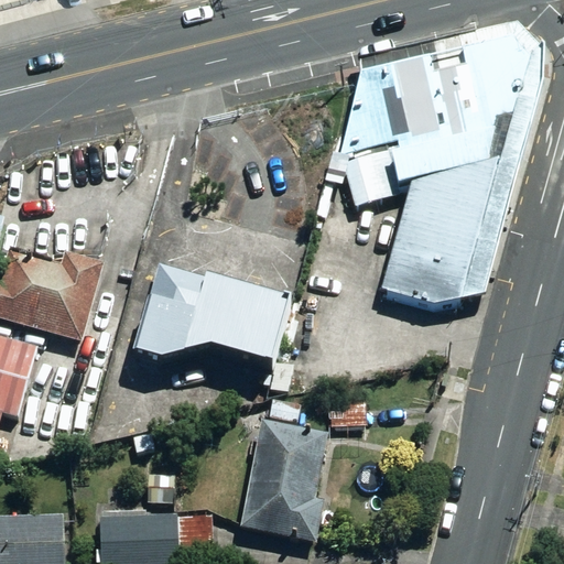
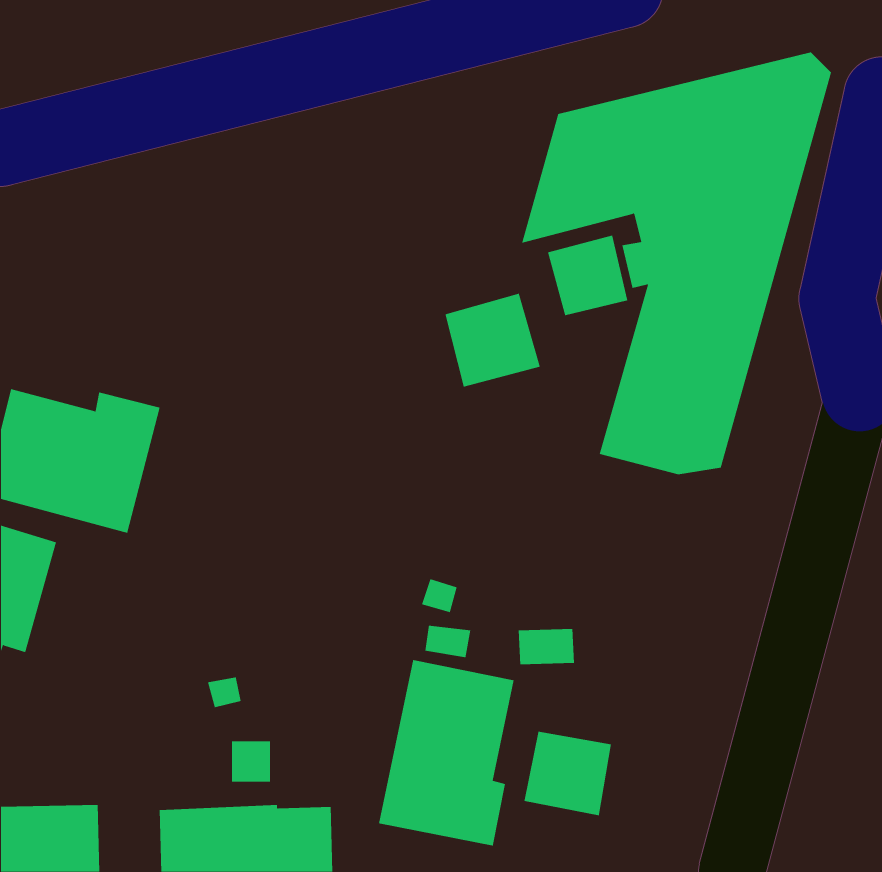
building: none -> [445,293,541,387]
building: [134,263,292,366] -> none
building: none -> [524,731,611,816]

